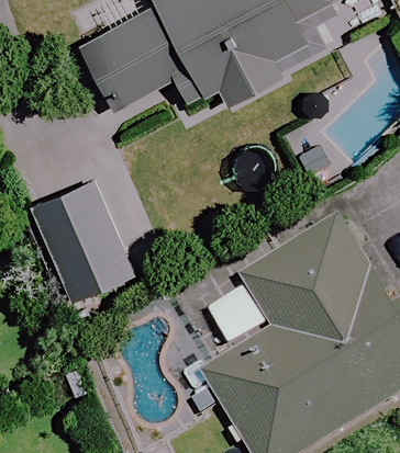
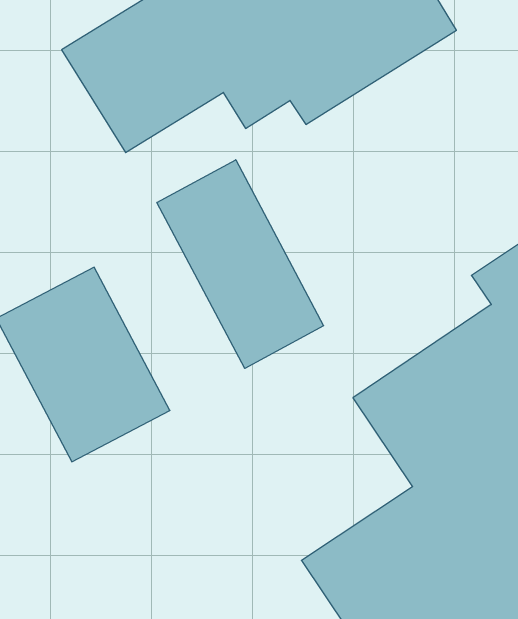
building: none -> [157,160,324,368]

